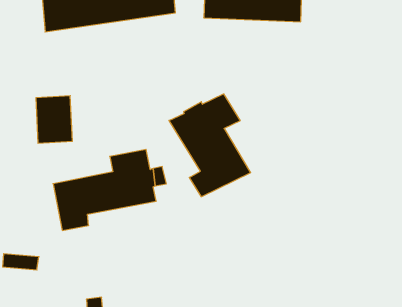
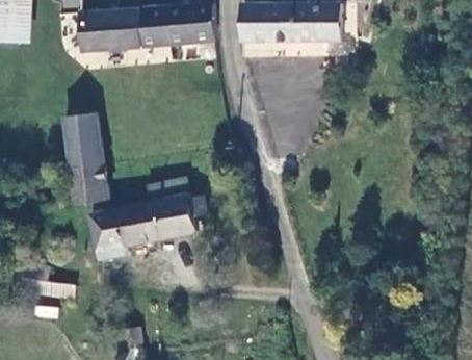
building: [169,94,251,197] -> none
building: none -> [72,168,109,200]

